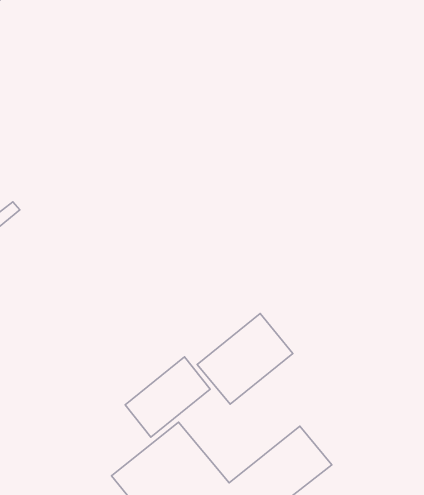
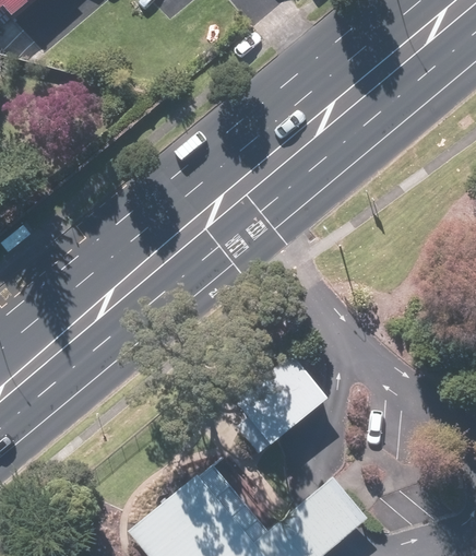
building: [125,357,210,437] -> none

